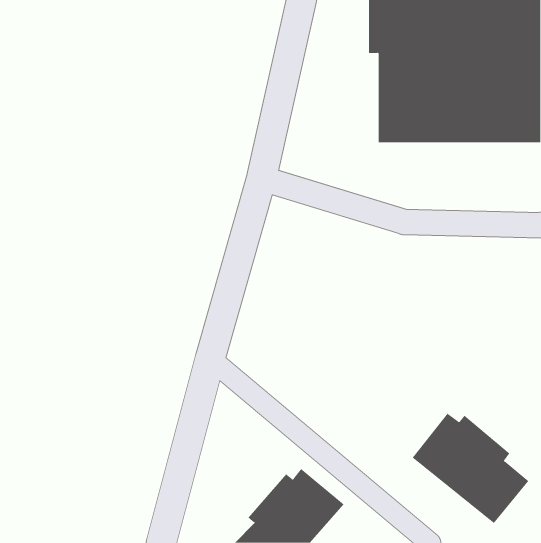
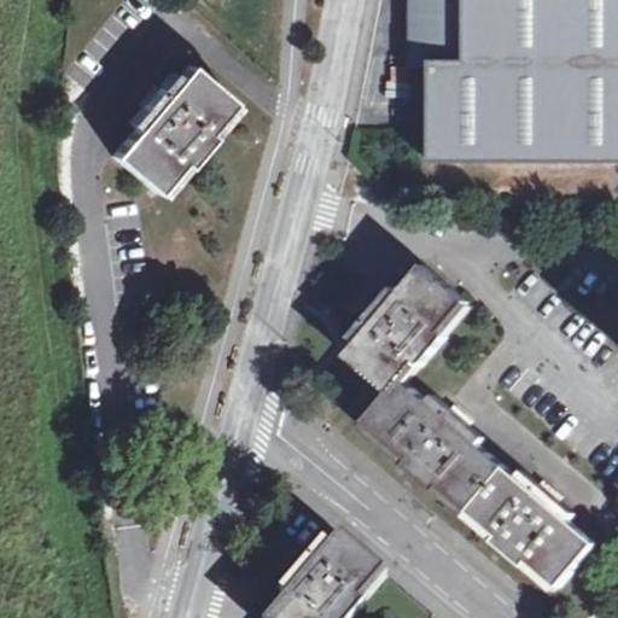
building: none -> [113,53,238,188]
building: none -> [343,270,501,518]

